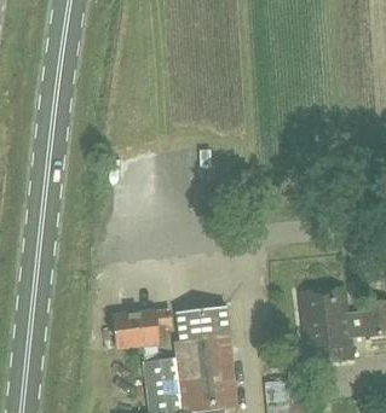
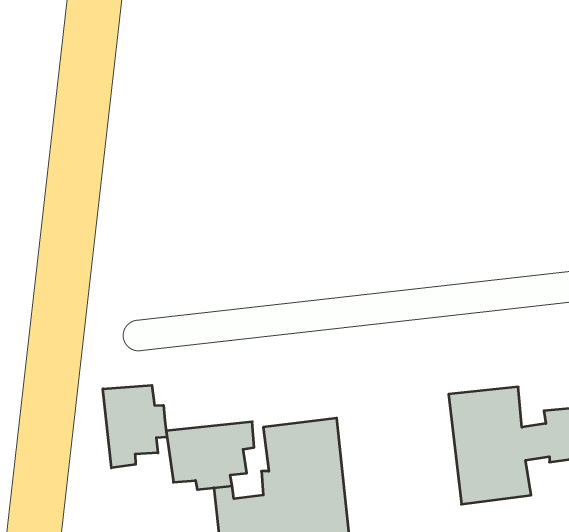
building: none -> [103,385,167,468]

